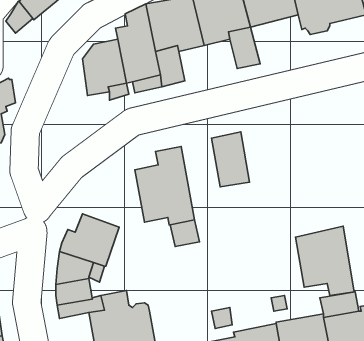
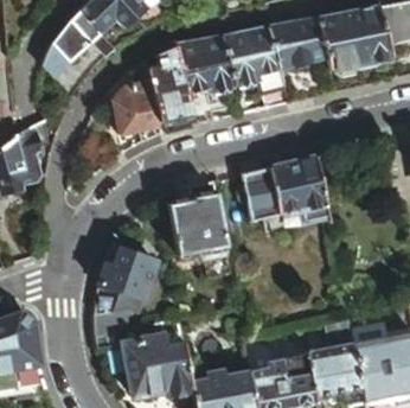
building: [296,226,354,296] -> [273,157,329,224]

